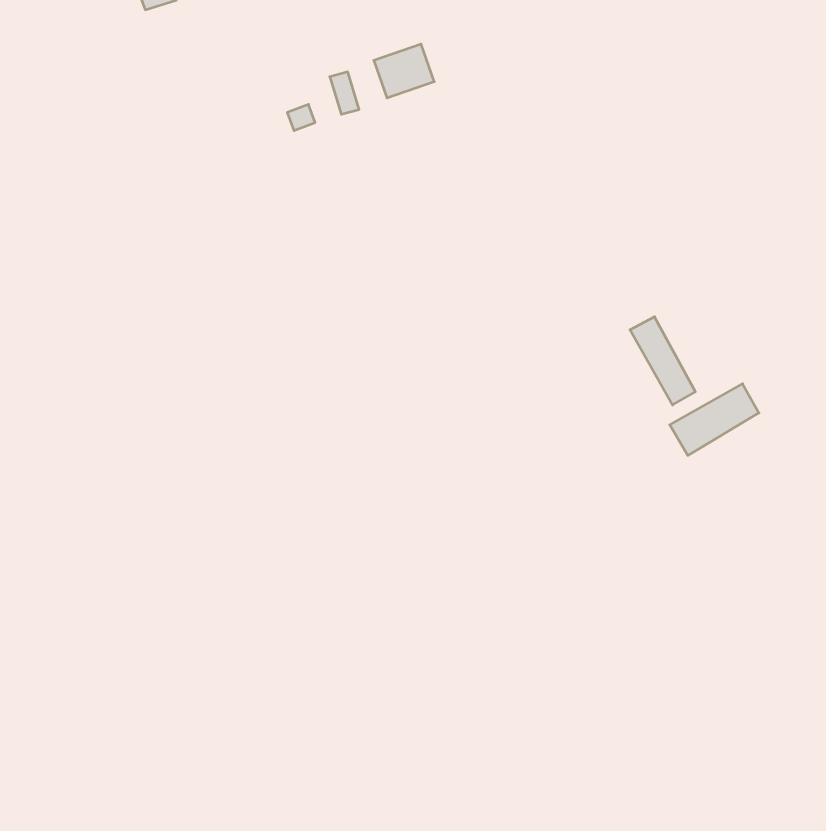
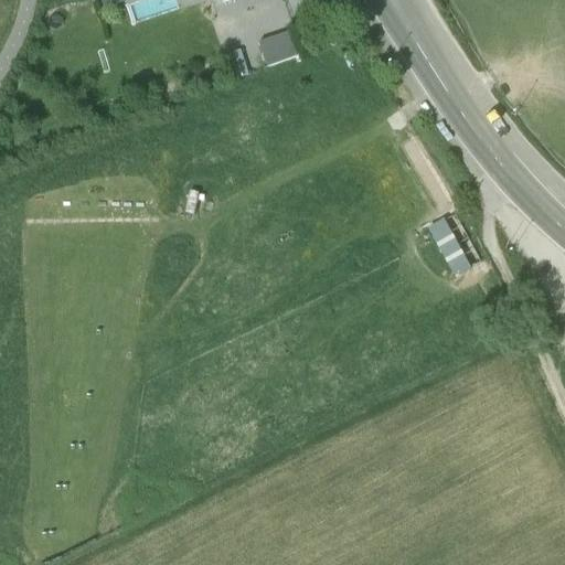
building: [670,384,759,455] -> none

